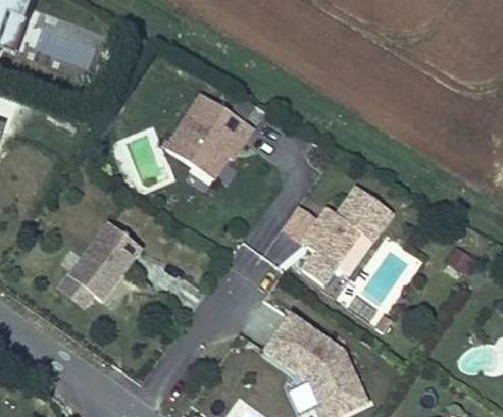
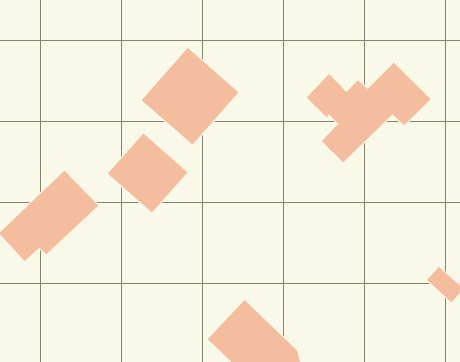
building: none -> [107,133,188,213]
building: [281,186,394,284] -> [306,62,432,163]

